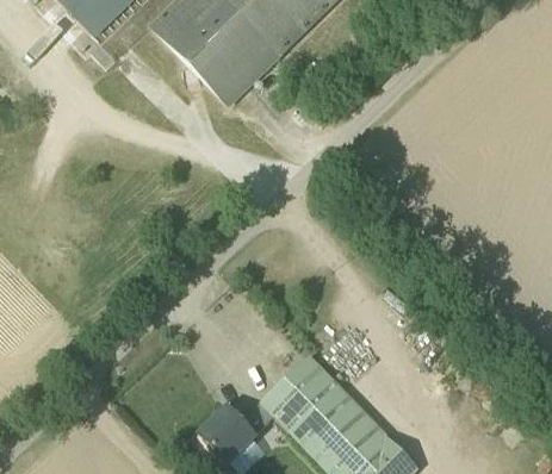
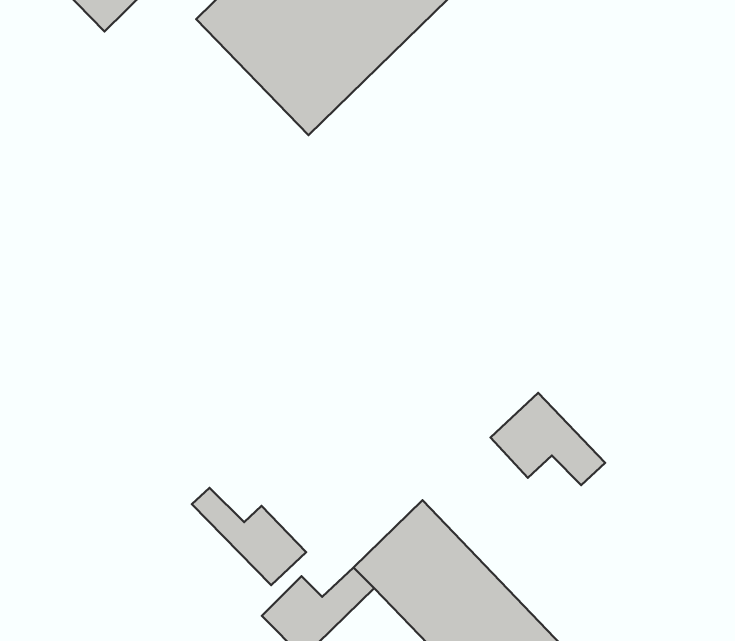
building: none -> [490,393,605,485]
building: none -> [192,488,306,585]

